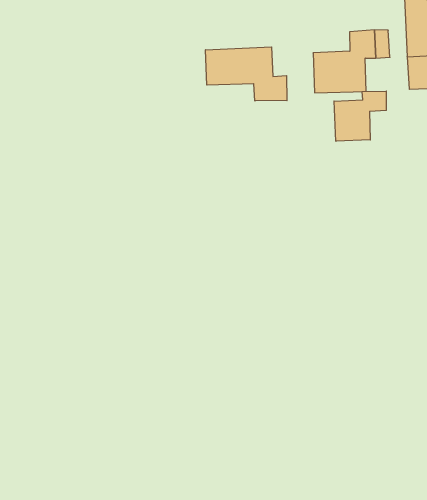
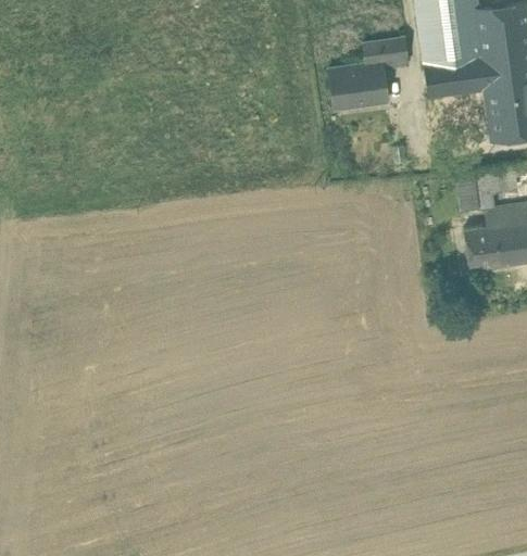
building: [206,47,287,101] -> none
building: [334,91,386,141] -> none

